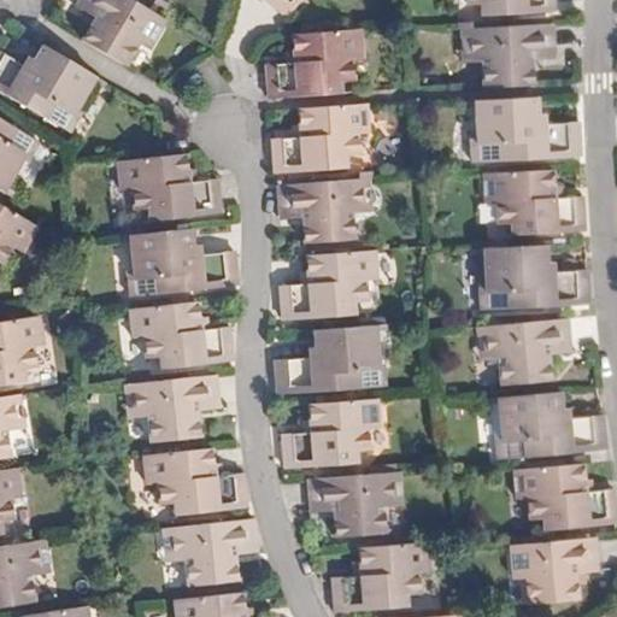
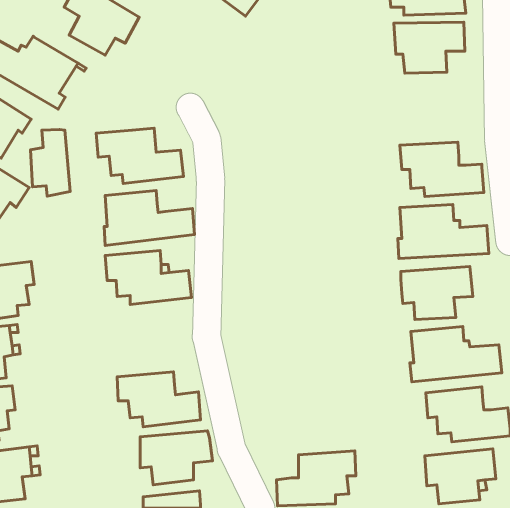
building: [271,31,366,99] -> none
building: [468,100,578,164] -> none
building: [274,105,370,174] -> none
building: none -> [30,129,70,196]
building: [280,181,366,245] -> none
building: [282,252,377,322] -> none
building: [275,327,388,392] -> none
building: [130,374,217,441] -> none
building: [283,400,381,466] -> none
building: [308,474,396,537] -> none

